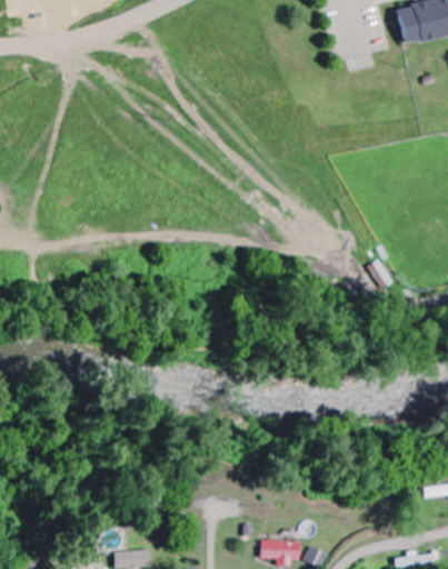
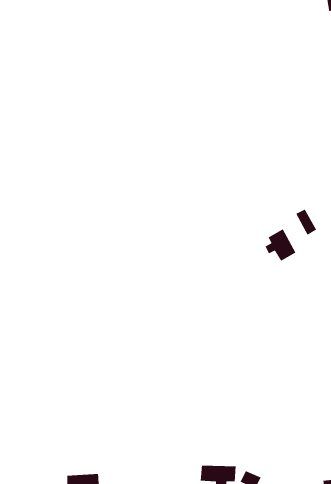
building: none -> [264,228,296,262]

